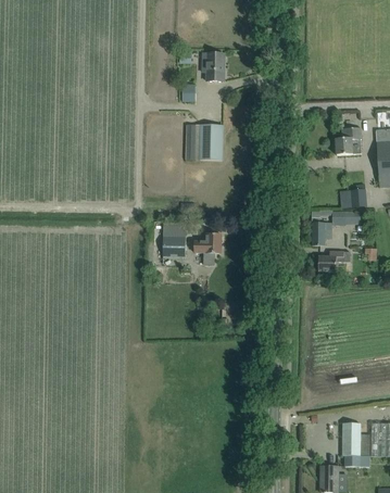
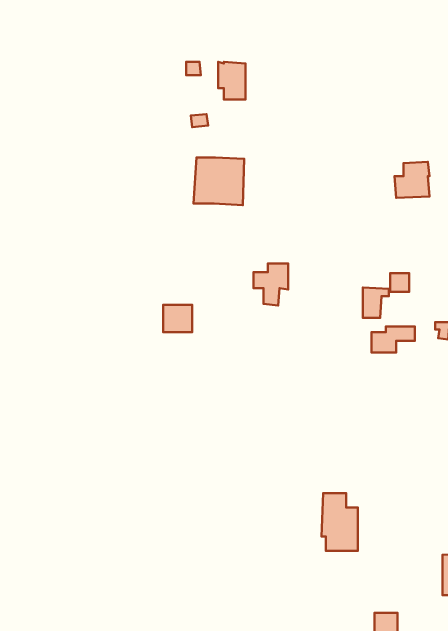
building: [340,185,367,206] -> none
building: [196,233,222,265] -> [253,263,288,305]
building: [342,422,369,466] -> [322,493,358,551]

